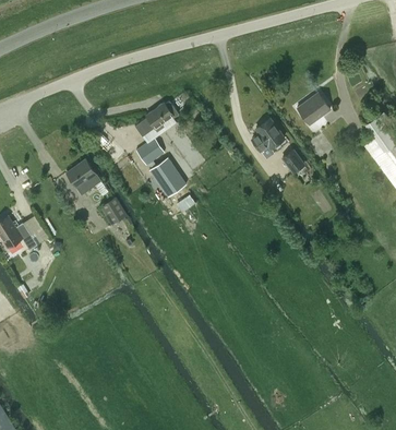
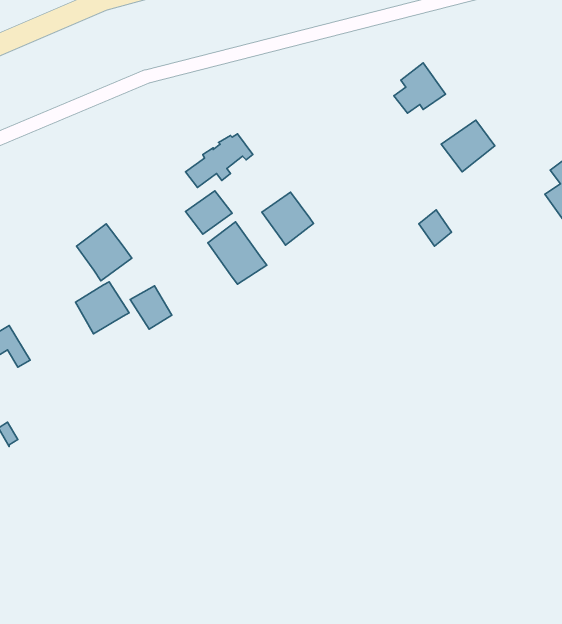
building: [252,118,285,150] -> [394,63,446,113]
building: none -> [262,192,313,245]
building: none -> [76,282,129,334]

